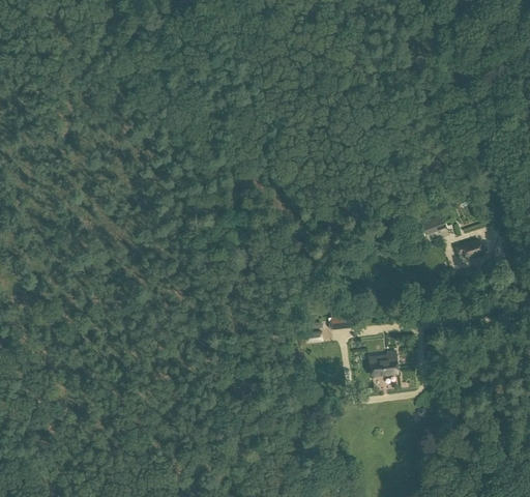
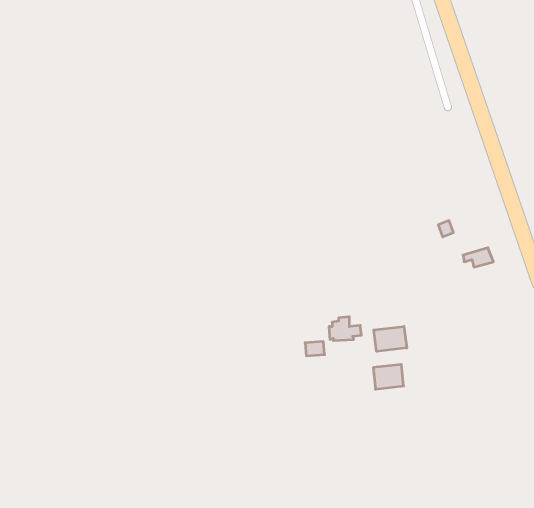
building: none -> [374,326,407,351]

